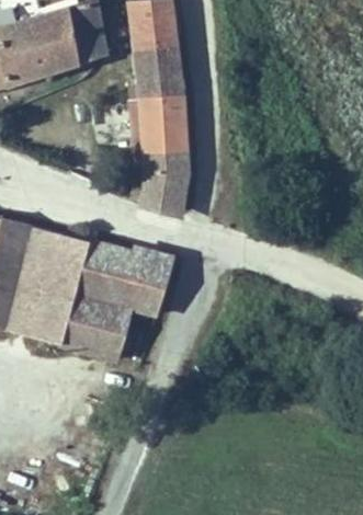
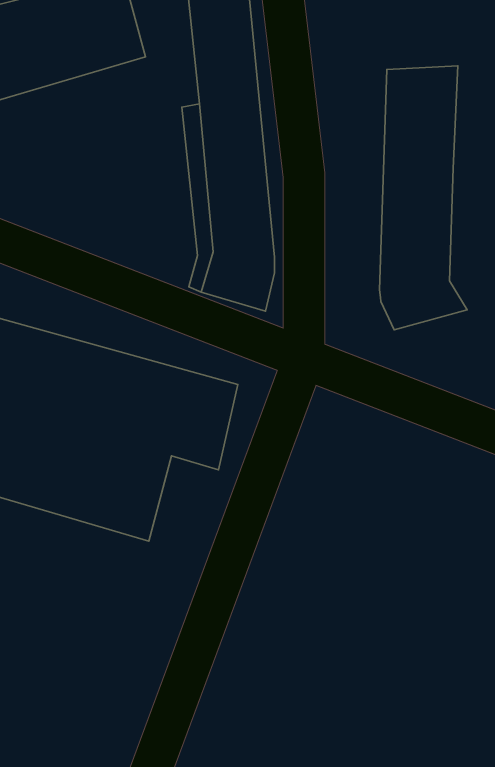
building: none -> [379,66,467,330]

